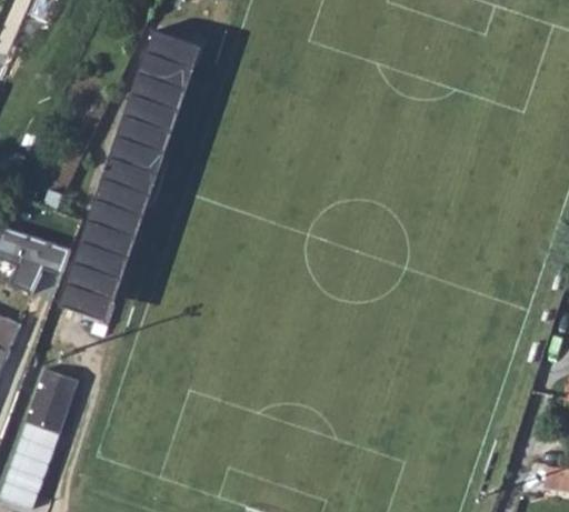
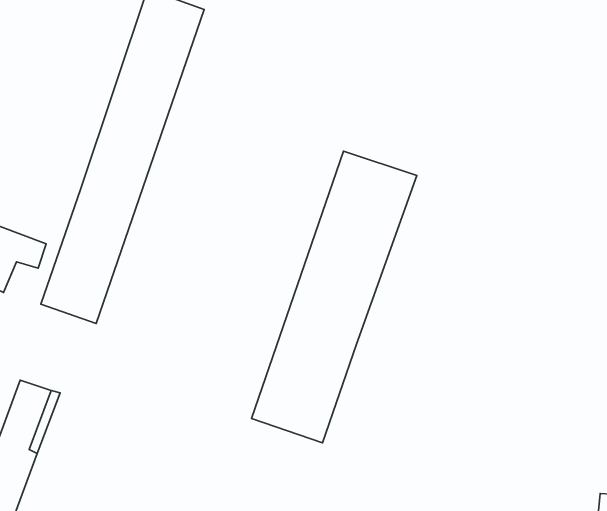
building: none -> [251,151,417,443]

